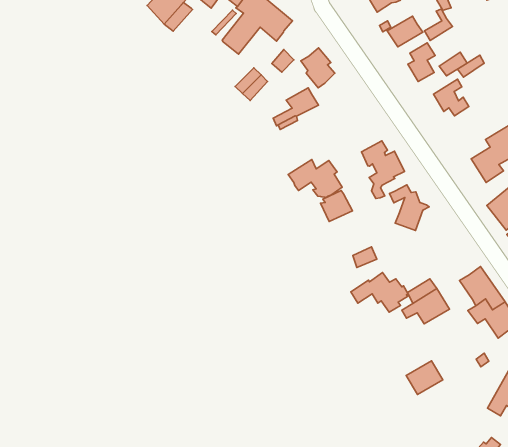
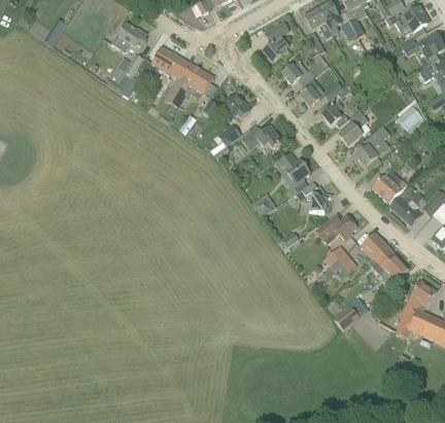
building: none -> [340,109,370,145]
building: [288,159,342,197] -> [242,124,282,150]
building: [351,272,408,312] -> [316,212,357,240]

